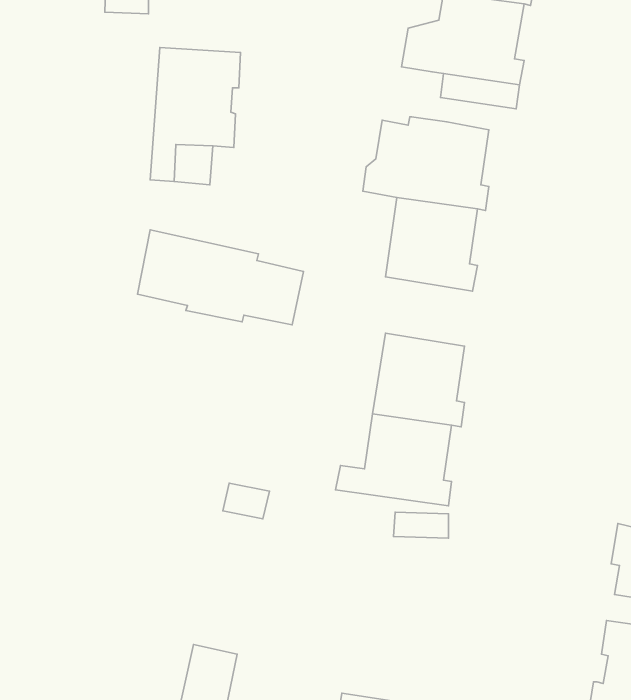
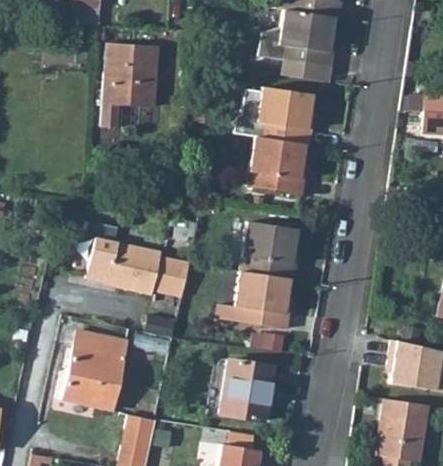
building: [137,230,303,325] -> [88,237,191,296]
building: none -> [64,330,129,409]
building: none -> [221,359,275,421]

